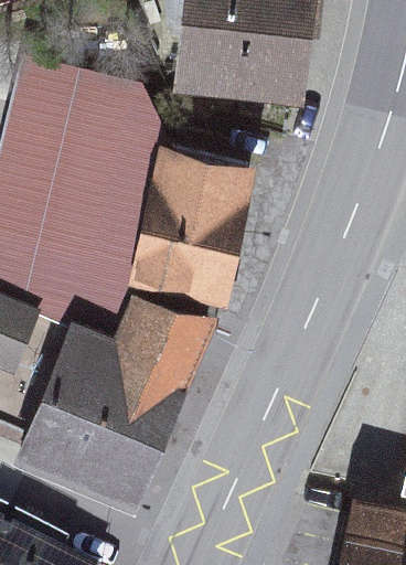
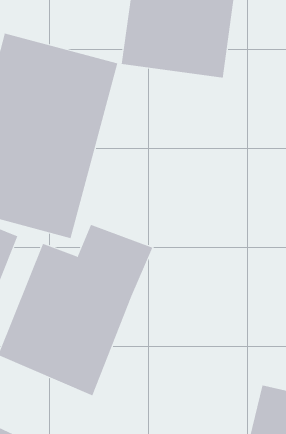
building: [132,148,253,300] -> none

